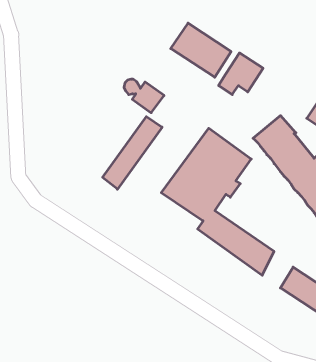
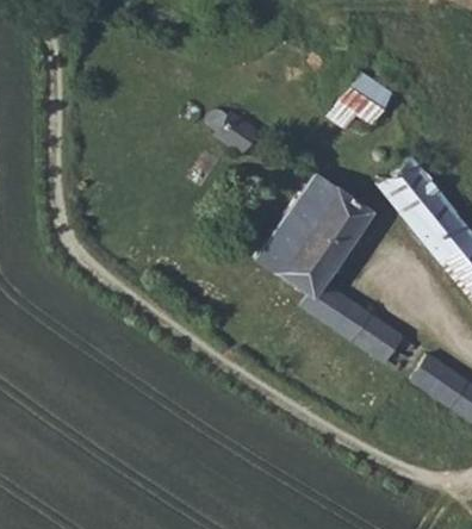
building: [171,23,231,77] -> none
building: [103,117,162,189] -> none

